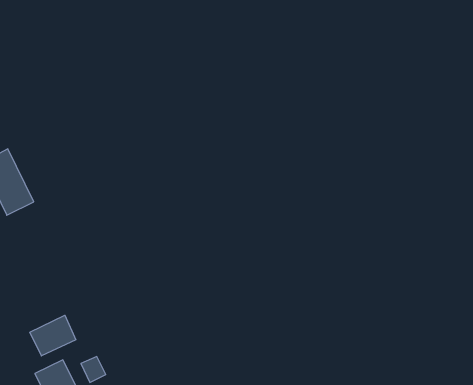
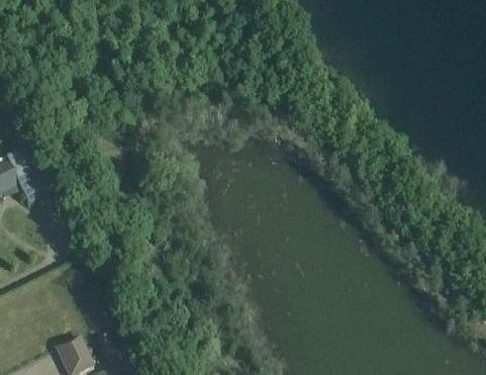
building: [30,315,76,356] -> none

